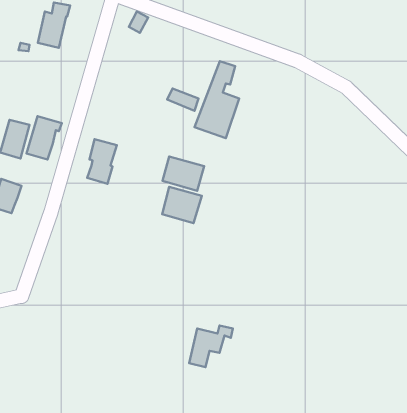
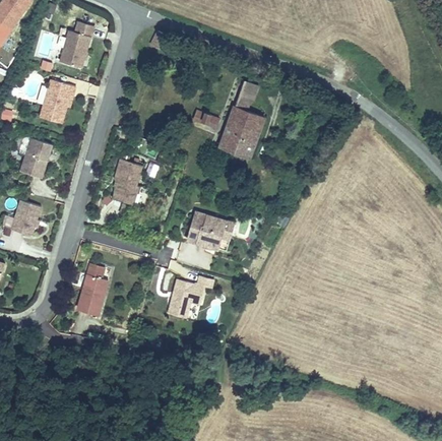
building: [26,116,62,160] -> [41,81,76,125]
building: [163,157,204,191] -> none
building: none -> [77,260,109,311]
building: [189,326,233,367] -> [168,271,211,313]

